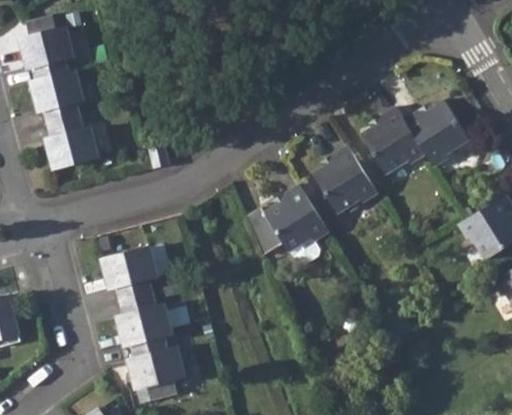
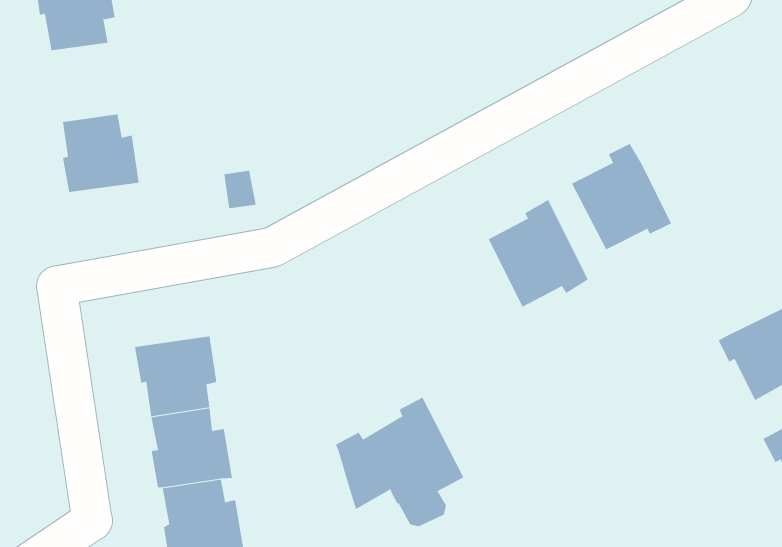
building: [31,73,82,125] -> none
building: [403,97,467,164] -> none
building: [248,183,329,263] -> [335,397,464,527]

